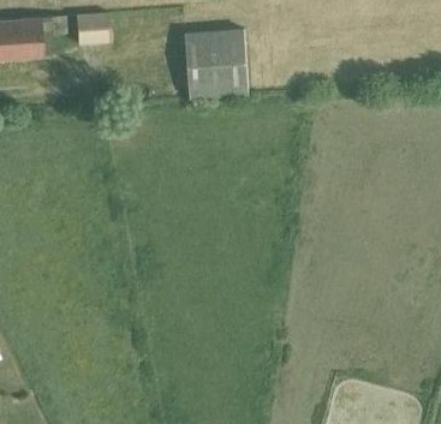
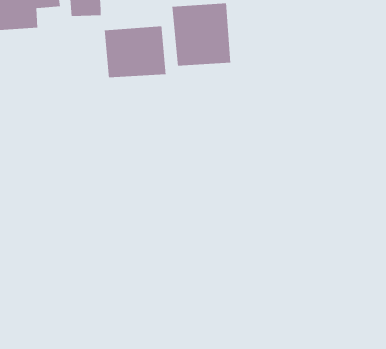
building: none -> [104,25,166,78]

